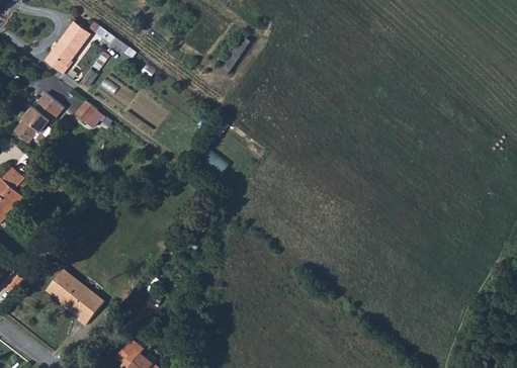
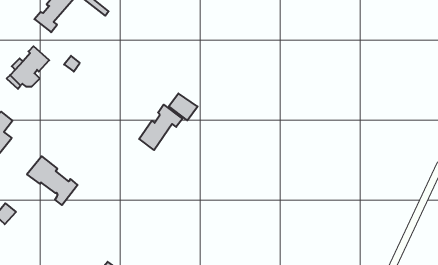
building: none -> [139,105,182,150]
building: [44,270,102,327] -> [27,156,78,205]

